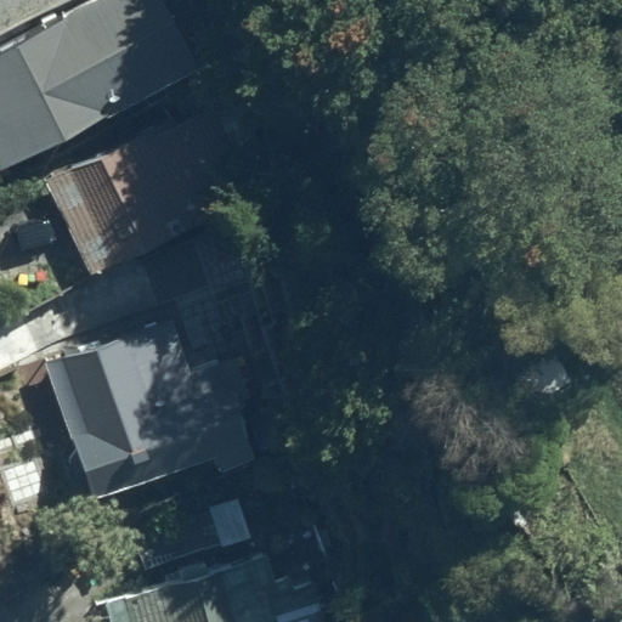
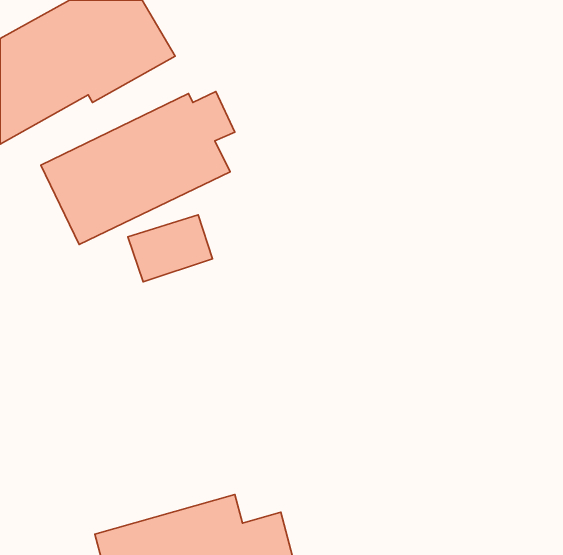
building: [44,327,249,499] -> none

